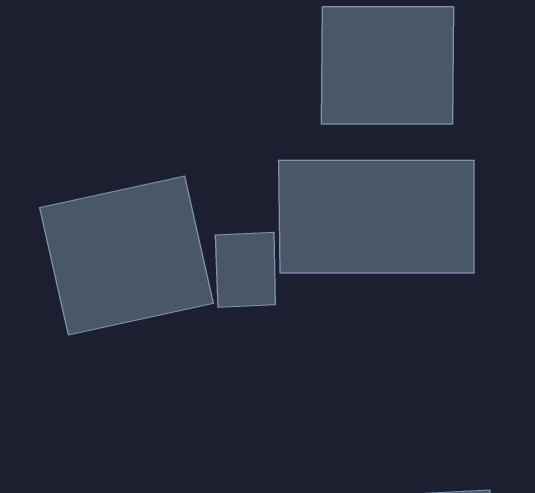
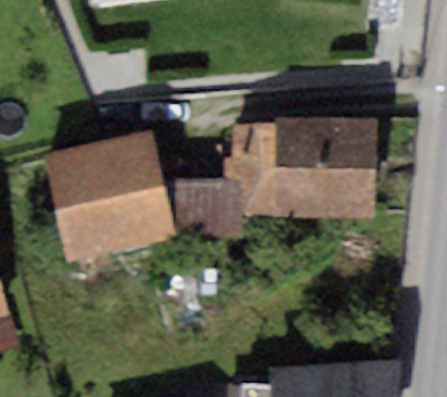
building: [322,7,453,124] -> none

